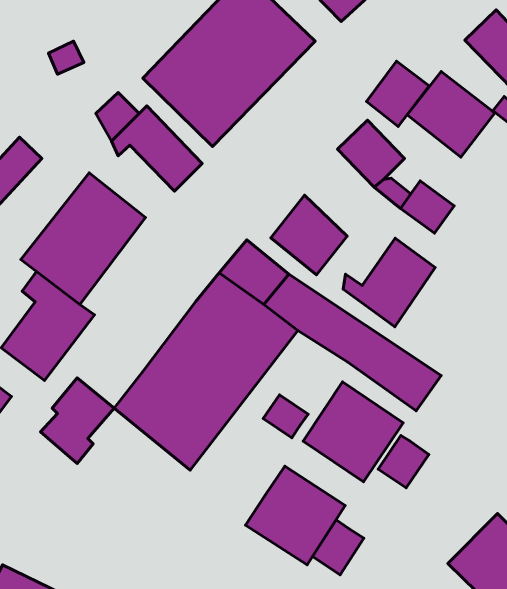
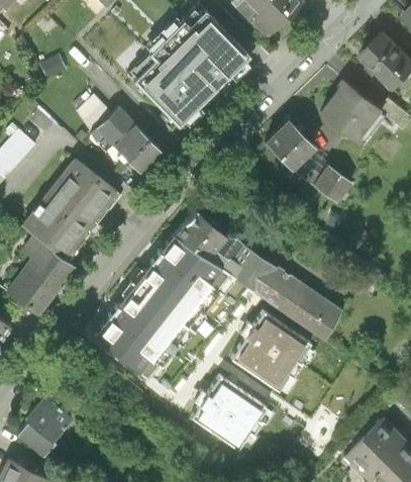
building: [367,61,429,126] -> none
building: [271,195,347,275] -> none
building: [343,238,435,327] -> none
building: [41,378,114,463] -> [15,395,72,461]
building: [263,395,308,438] -> none
building: [378,436,429,488] -> none
building: [313,520,364,575] -> none

